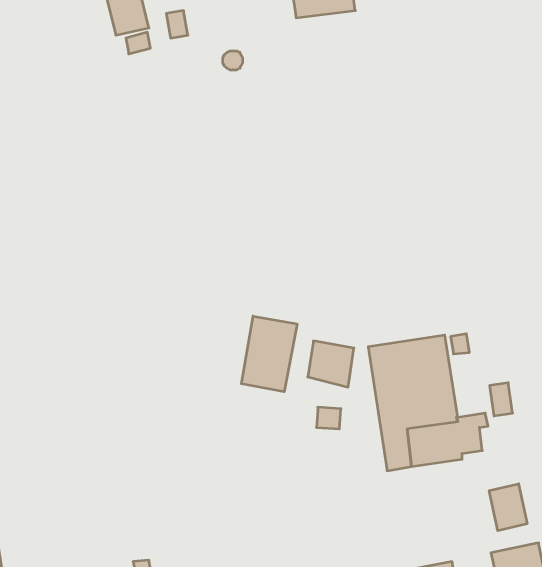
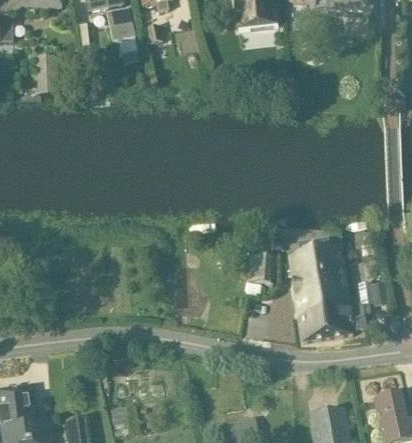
building: [241,316,297,392] -> none
building: [489,484,527,531] -> none

